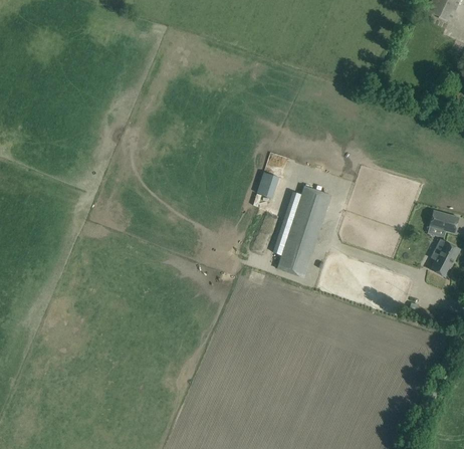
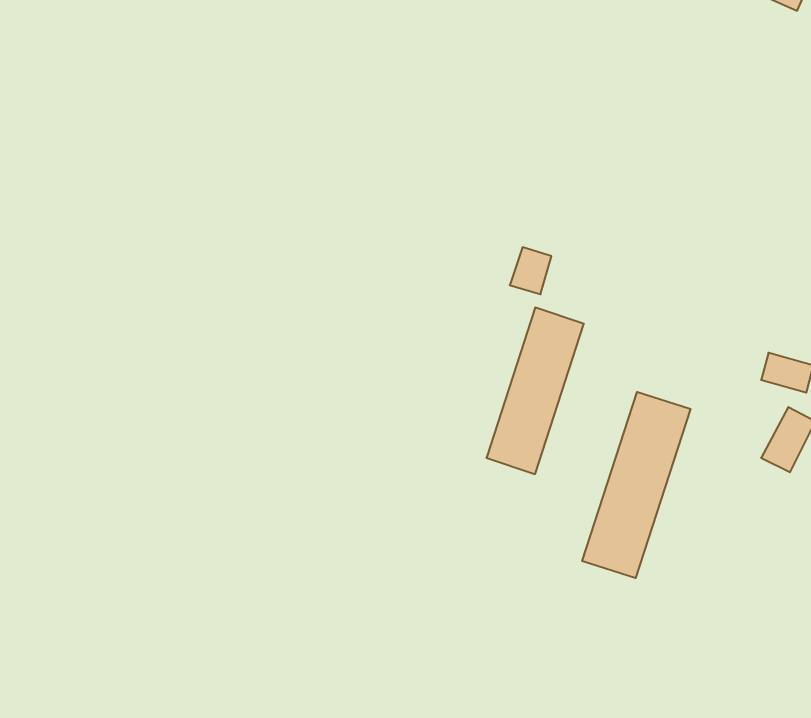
building: [258,170,281,196] -> [510,247,551,294]
building: none -> [582,392,691,578]

